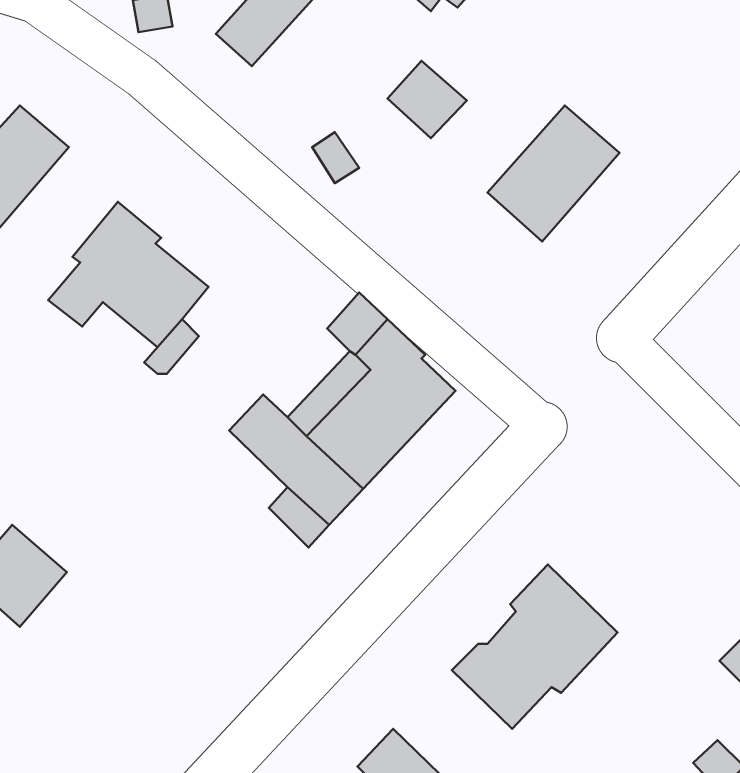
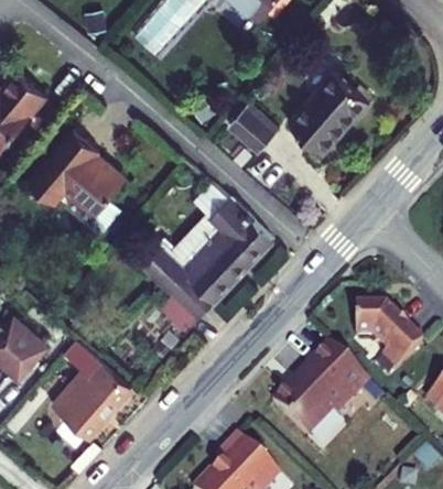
building: [387,61,467,138] -> [234,102,280,148]
building: none -> [355,301,423,366]
building: none -> [54,336,133,435]

